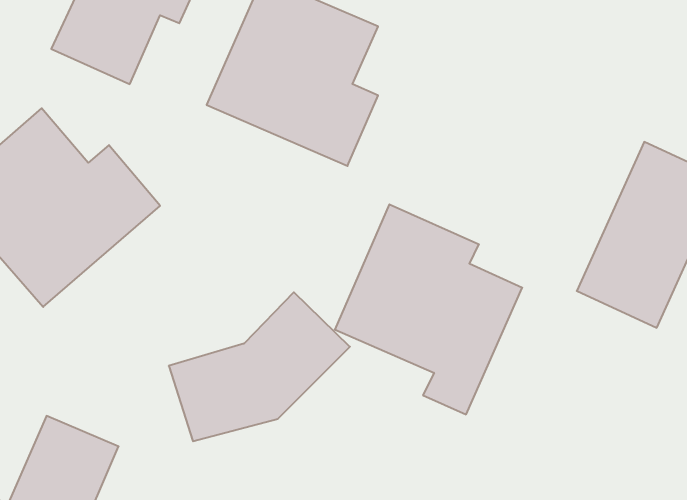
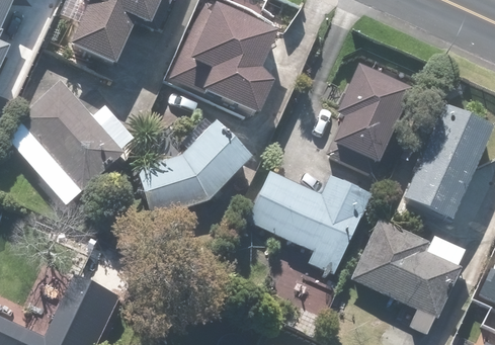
building: none -> [324,66,412,177]
building: [169,292,350,441] -> [138,124,252,219]
building: none -> [349,219,467,321]

